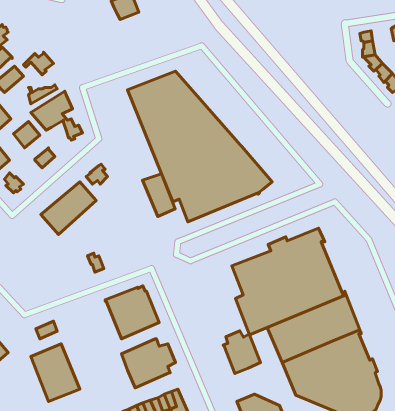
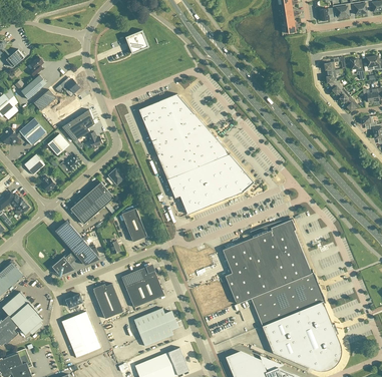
building: [143,174,175,216] -> [120,209,146,243]
building: none -> [51,221,98,277]
building: none -> [92,284,122,319]
building: [223,331,260,374] -> none

